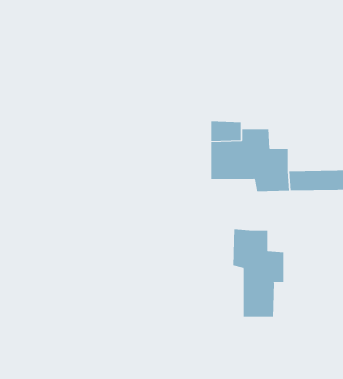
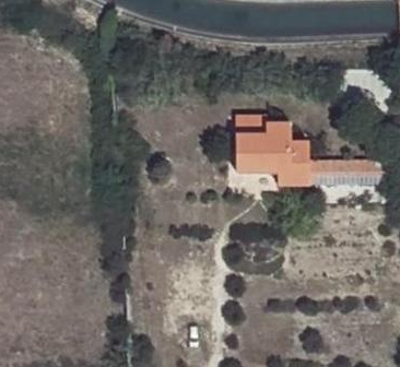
building: [233,229,284,318] -> none

